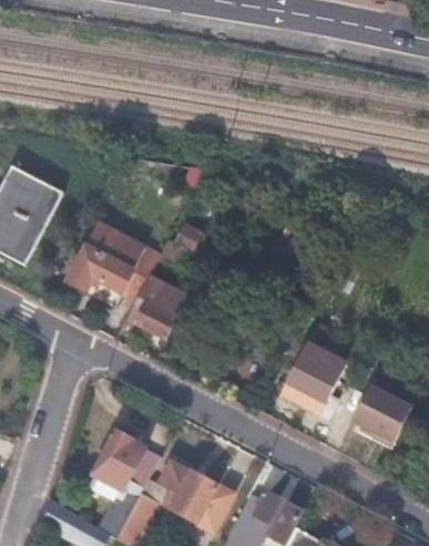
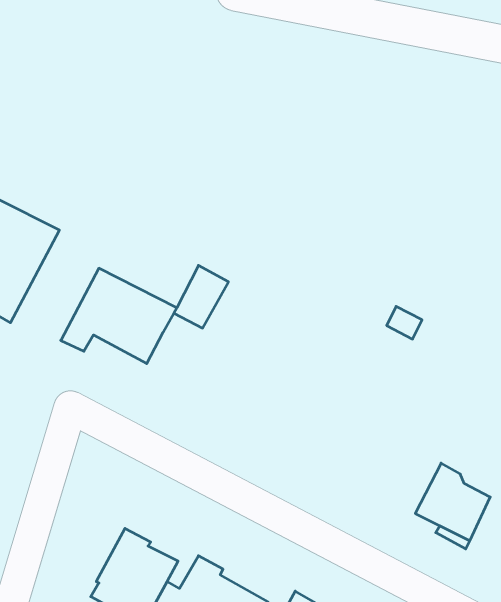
building: [123,274,188,339] -> none
building: [280,344,345,412] -> none

